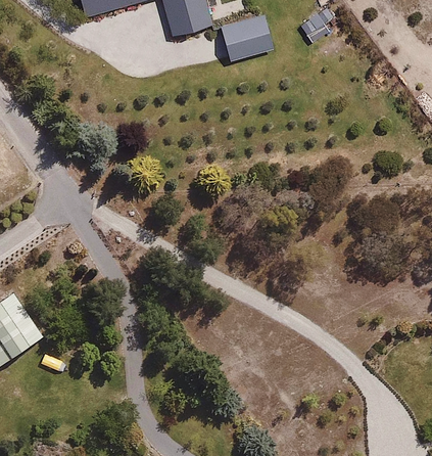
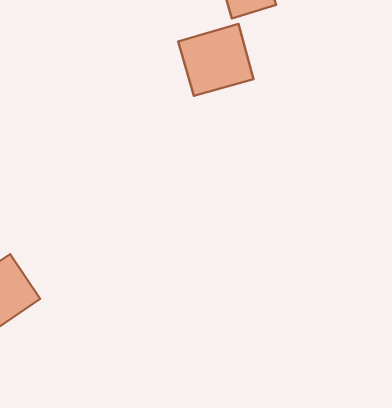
building: none -> [178,24,253,96]

